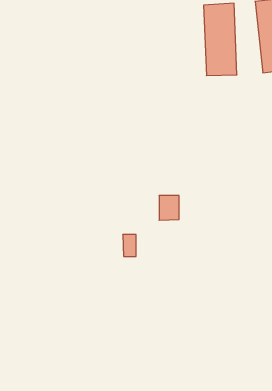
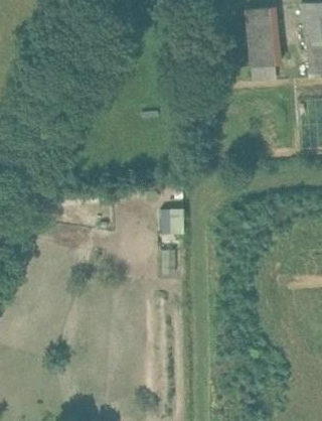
building: [159,196,179,220] -> [163,206,184,233]

